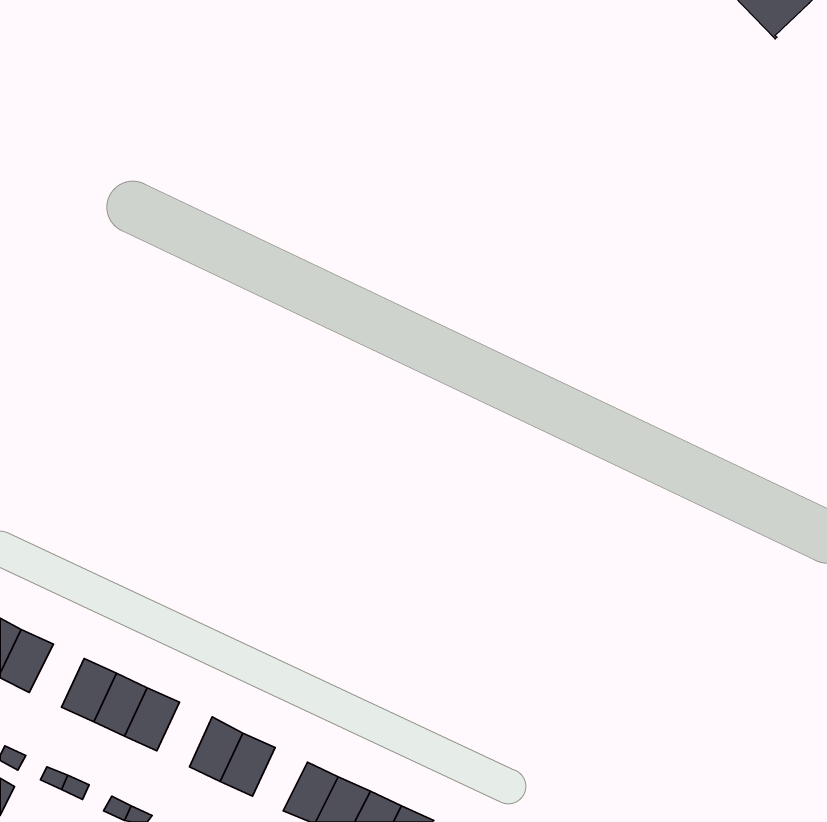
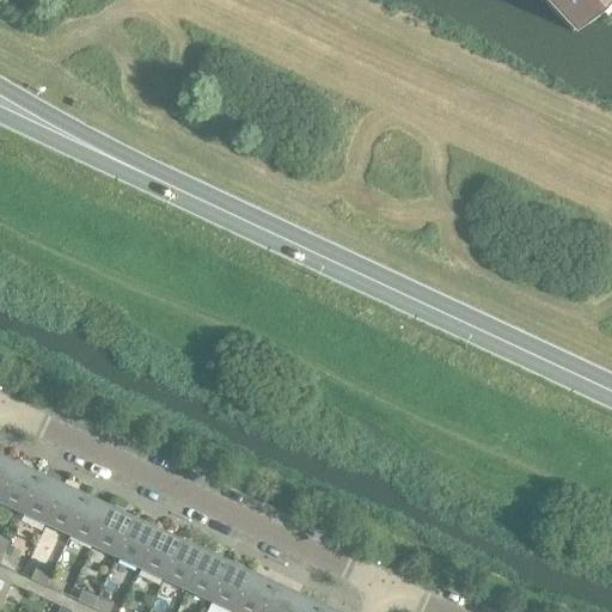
building: none -> [22,476,62,522]
building: none -> [116,519,157,567]
building: none -> [186,552,227,599]

